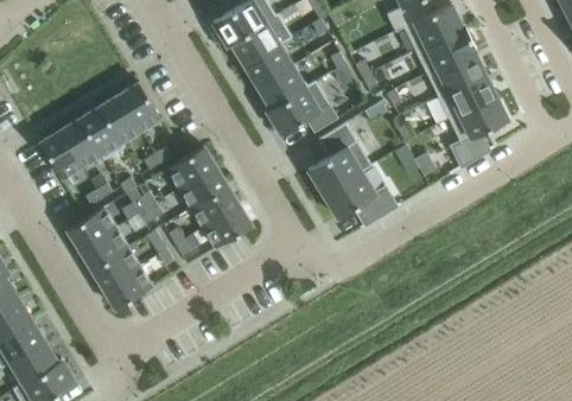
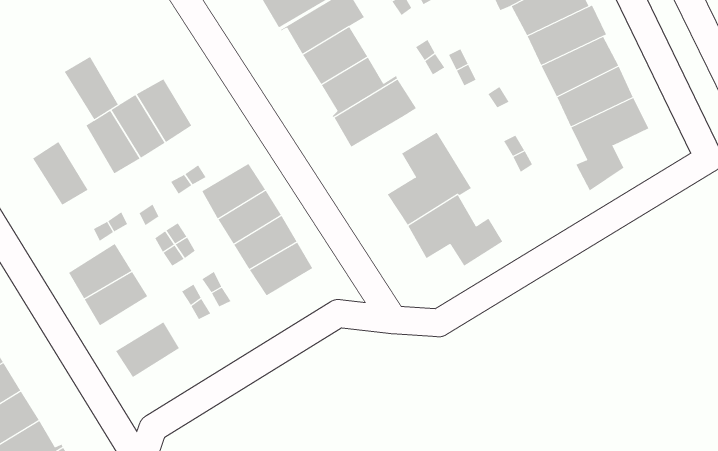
building: [59,119,101,167] -> [64,56,119,120]
building: [90,248,139,289] -> none

